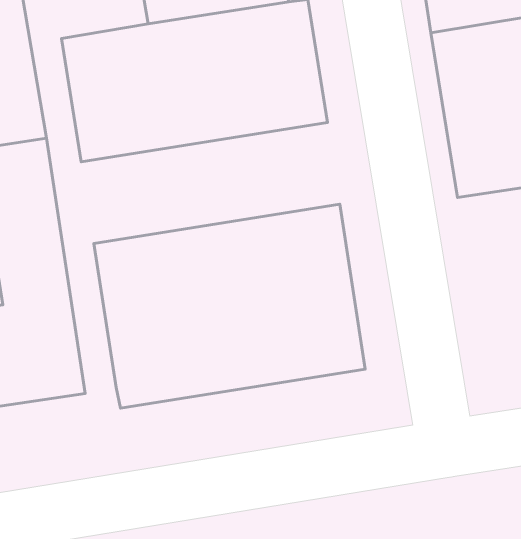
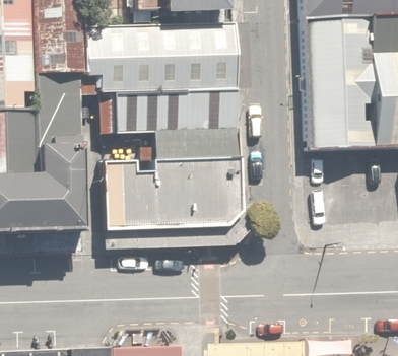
building: none -> [98,97,244,149]

